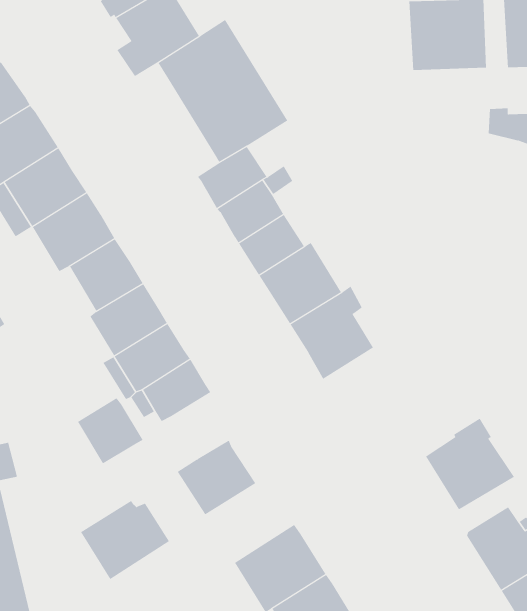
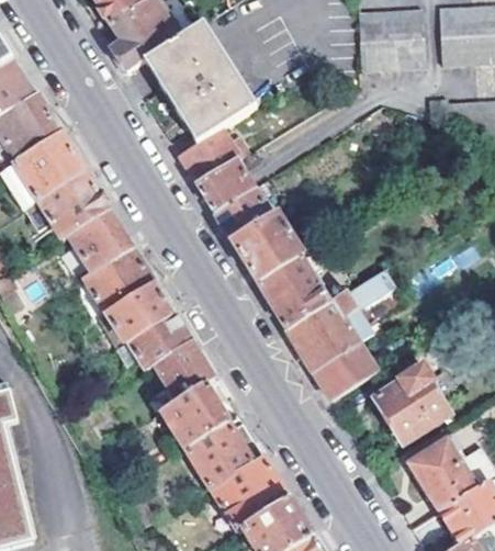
building: none -> [285,269,394,400]
building: [77,398,144,464] -> [156,341,213,398]
building: [80,500,170,580] -> [184,419,261,487]

